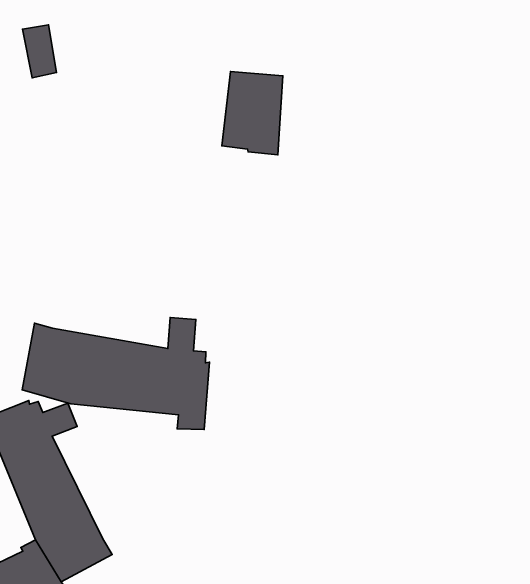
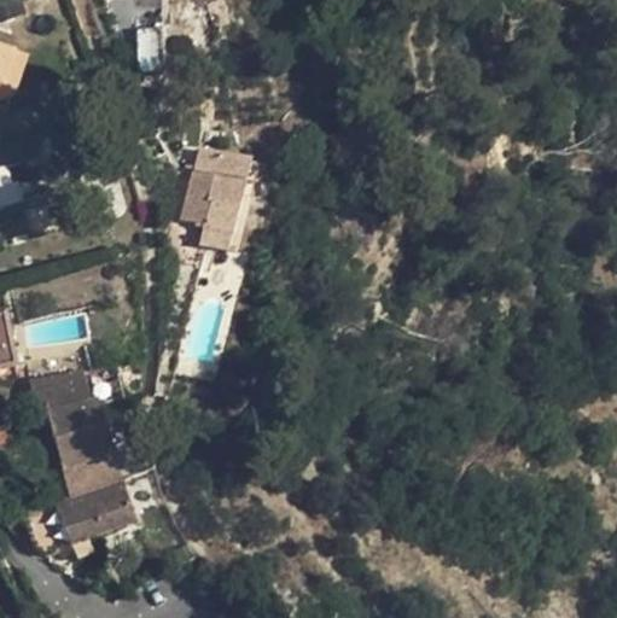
building: [222,71,283,155] -> [181,150,248,233]
building: [22,317,210,429] -> none

